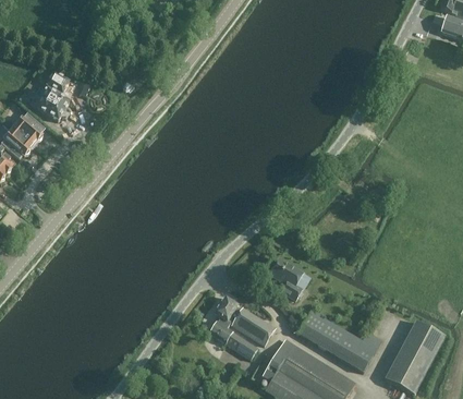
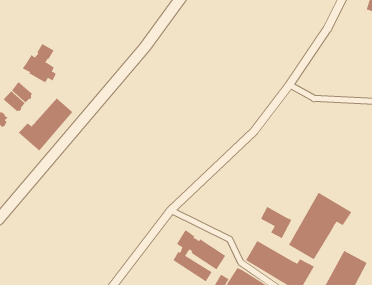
building: none -> [18,98,73,151]
building: none -> [288,192,352,260]
building: [268,261,306,300] -> [260,206,292,239]

